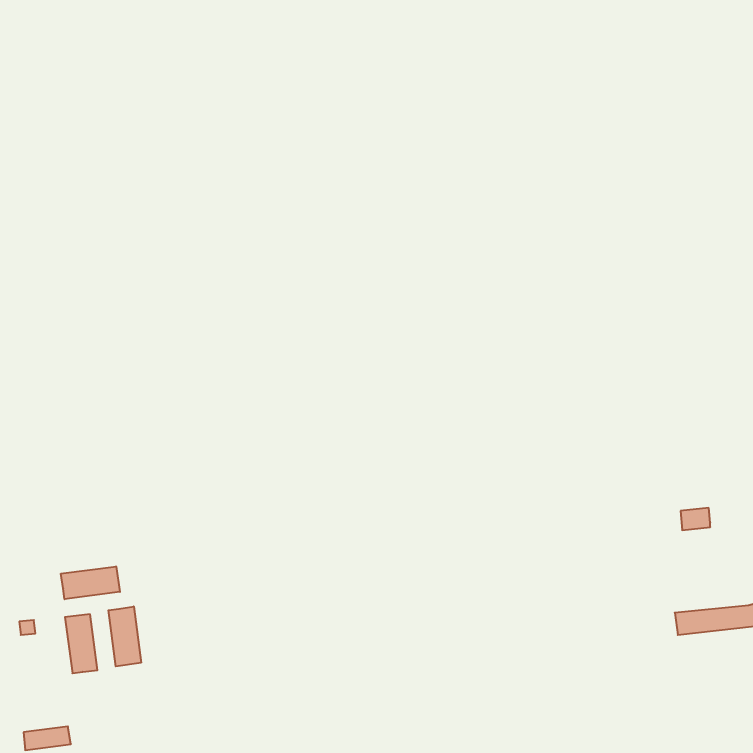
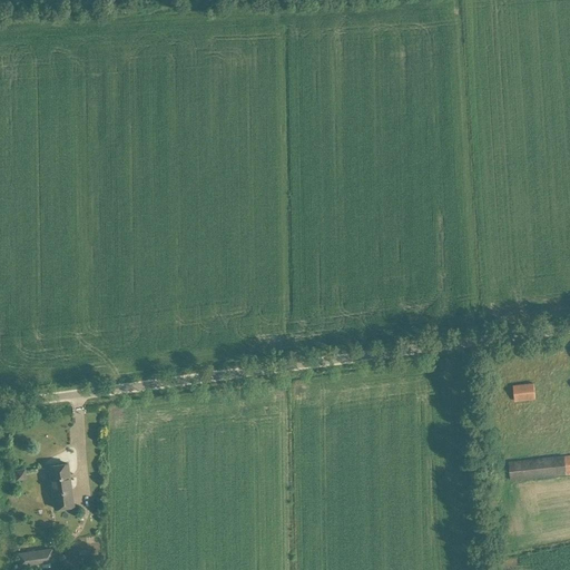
building: [61,566,120,599] -> none
building: [108,606,141,666] -> none

